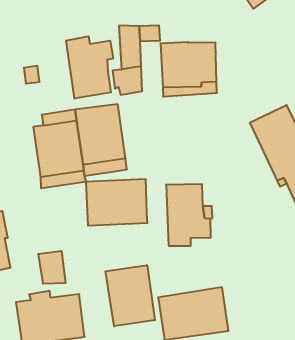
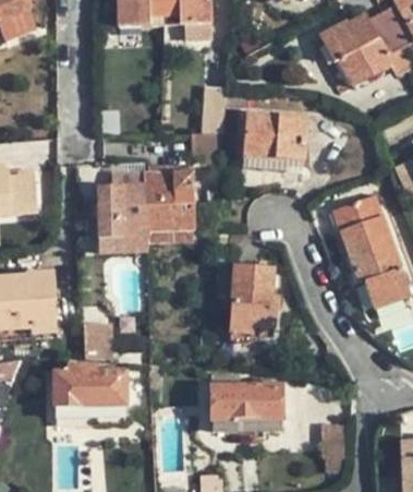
building: [66,36,113,99] -> none
building: [86,179,147,226] -> none
building: [106,265,155,326] -> none

